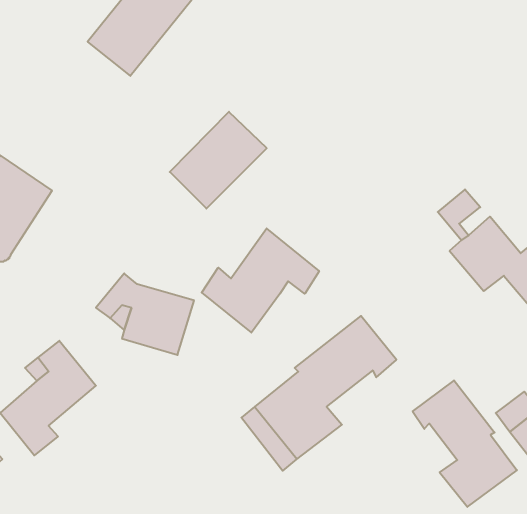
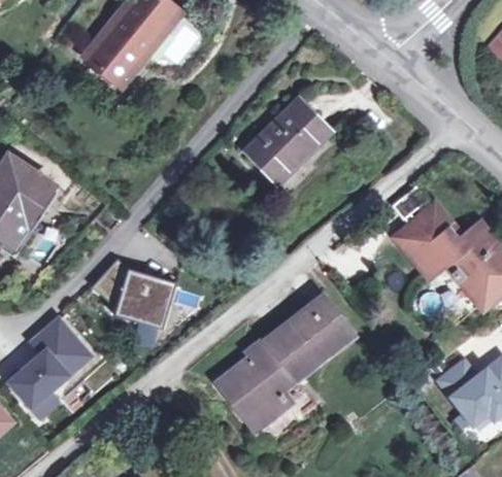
building: [170,112,267,209] -> [245,100,330,184]
building: [202,228,319,333] -> none
building: [413,380,517,507] -> none

